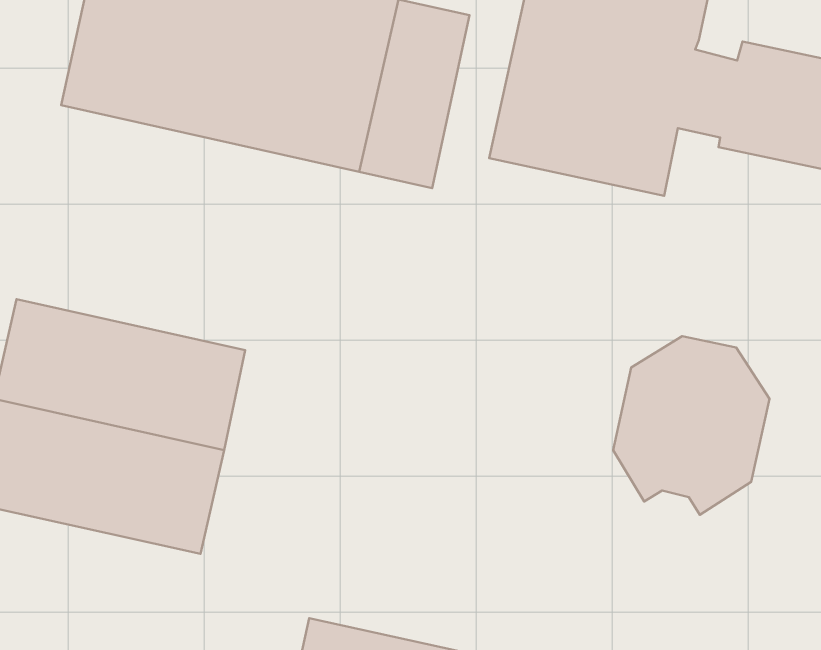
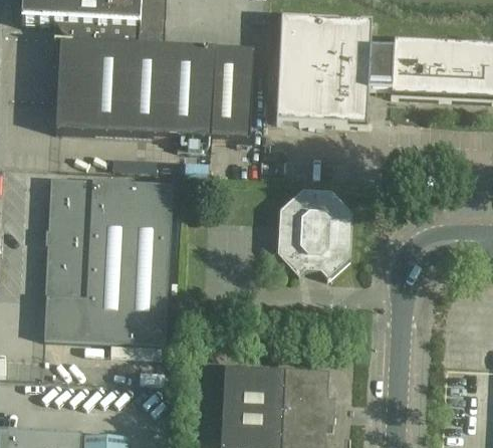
building: none -> [50,177,173,237]
building: [613,336,769,515] -> [278,189,352,277]

